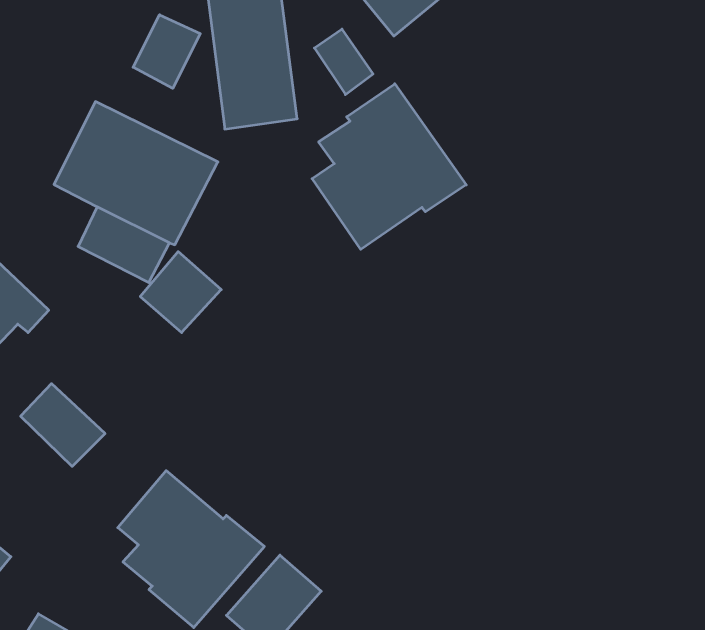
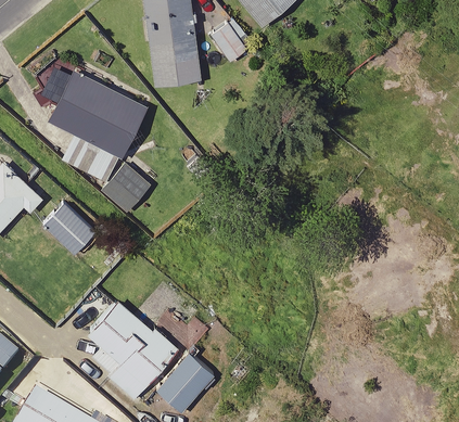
building: [133,15,200,88] -> none
building: [312,84,466,249] -> none
building: [21,384,105,466] -> [43,202,97,254]

